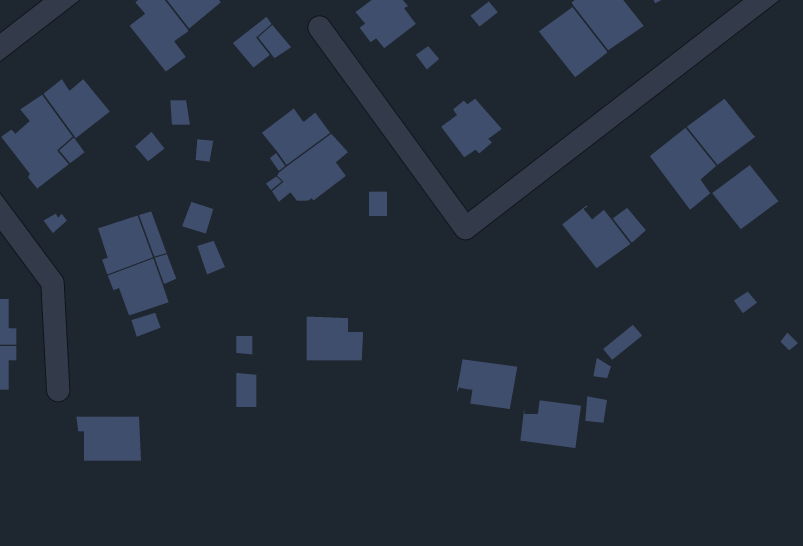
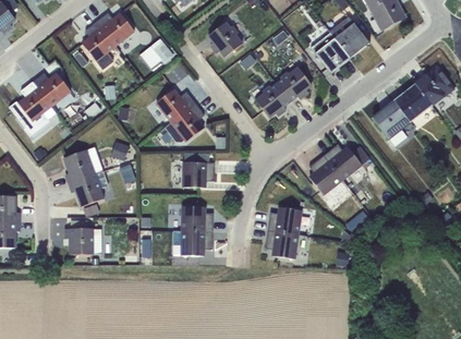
building: none -> [276,65,312,100]
building: [711,164,780,230] -> [415,66,453,104]
building: none -> [182,152,215,186]
building: none -> [310,154,343,194]
building: none -> [180,230,213,255]
building: [519,400,582,448] -> [268,206,303,233]
building: [75,416,142,461] -> [65,228,102,253]

